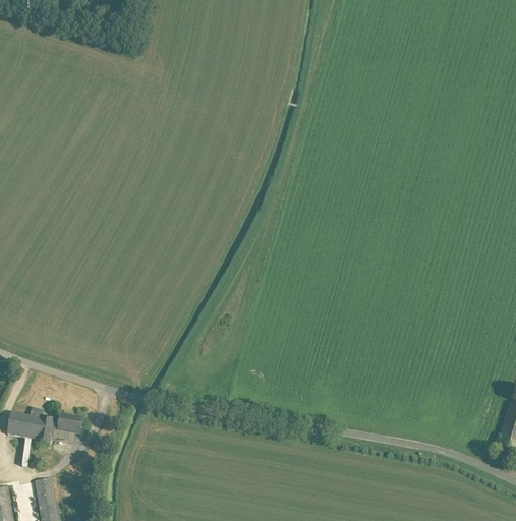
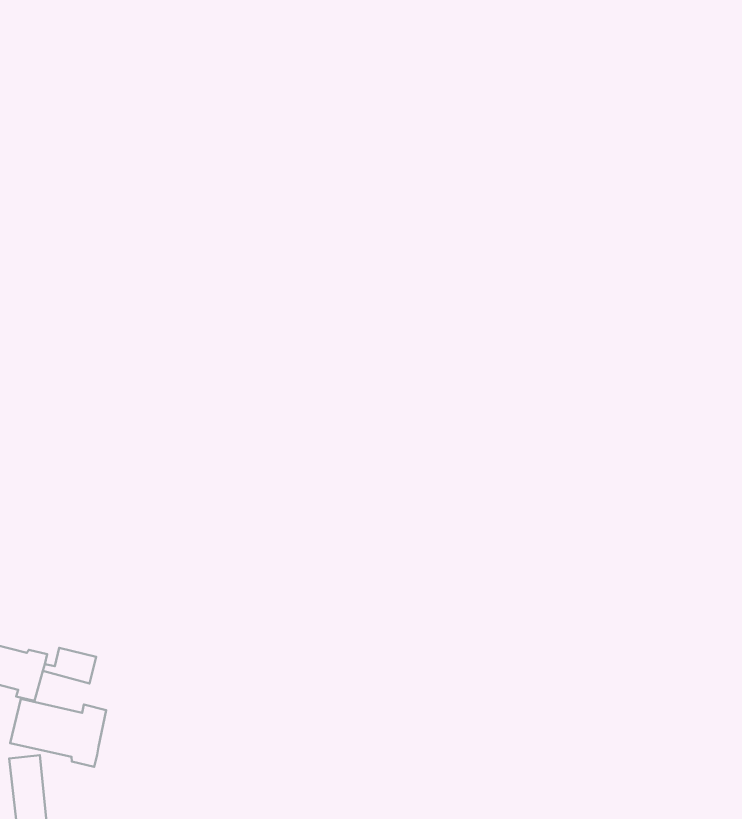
building: none -> [10,699,106,767]

